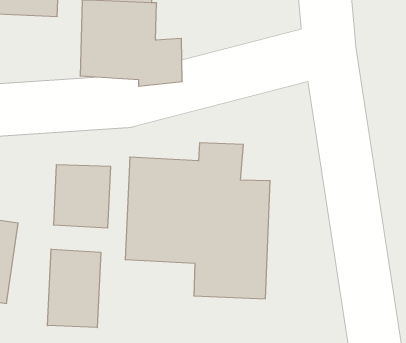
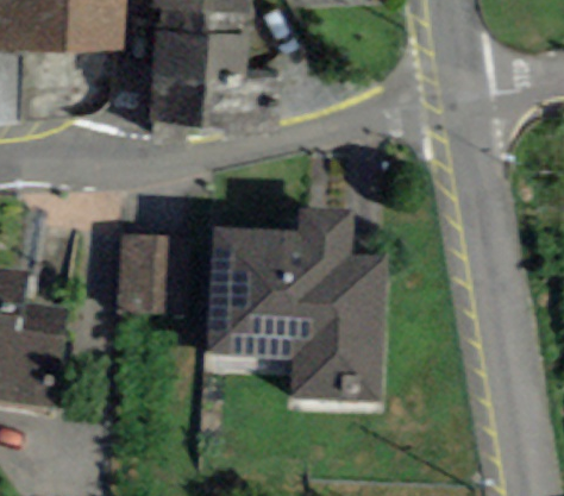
building: [47,249,101,328] -> none

